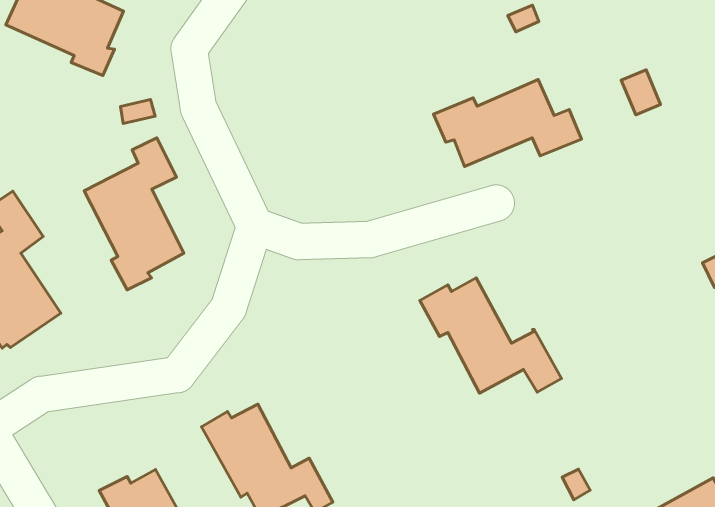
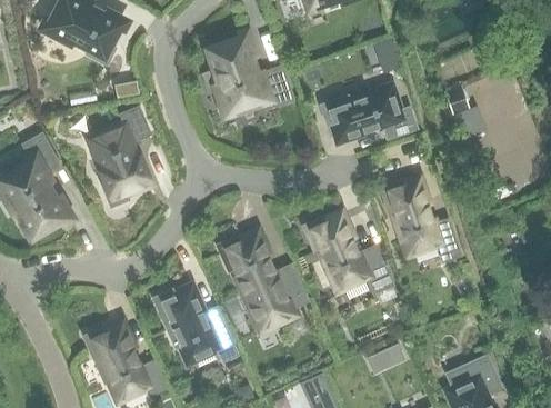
building: none -> [203,34,292,110]
building: none -> [380,179,459,259]
building: none -> [217,232,307,328]

